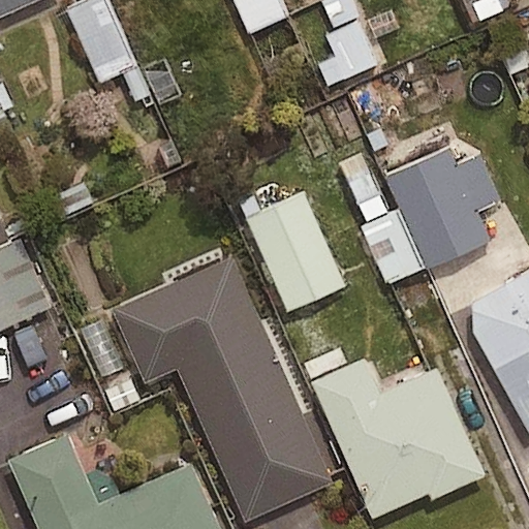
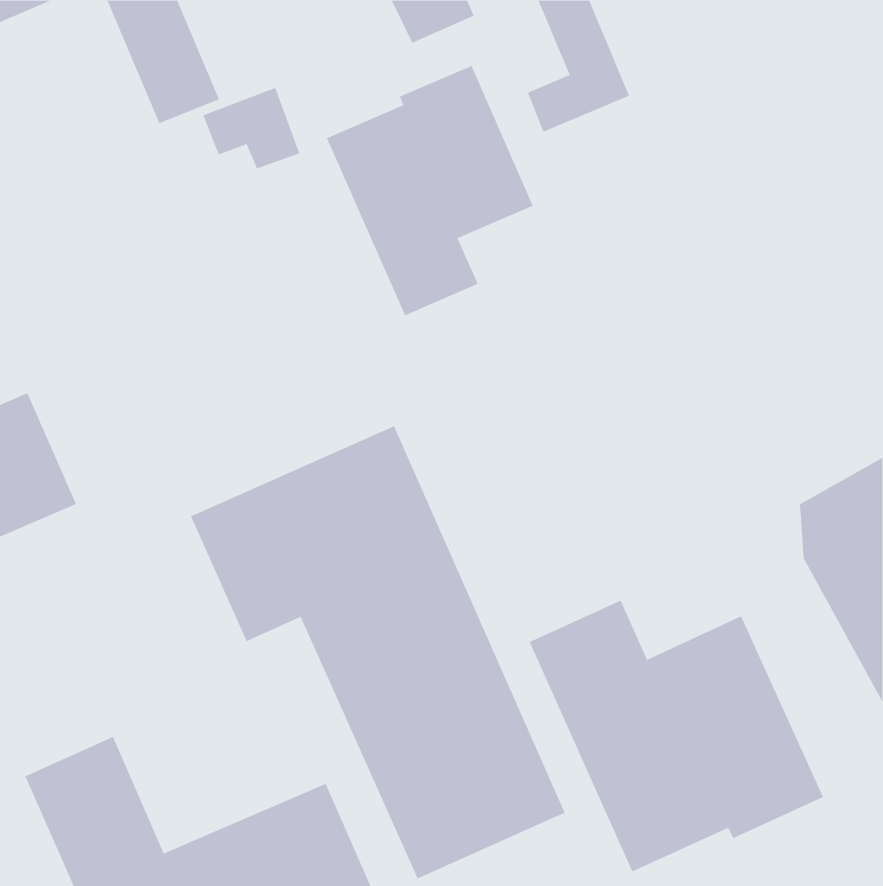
building: none -> [326,65,534,316]
building: [347,143,494,278] -> none
building: [242,189,338,306] -> none

